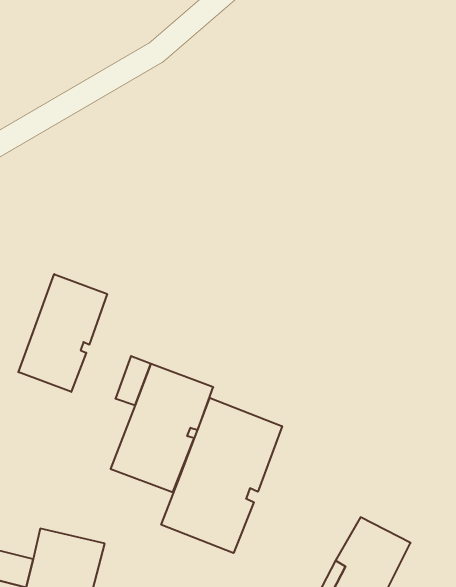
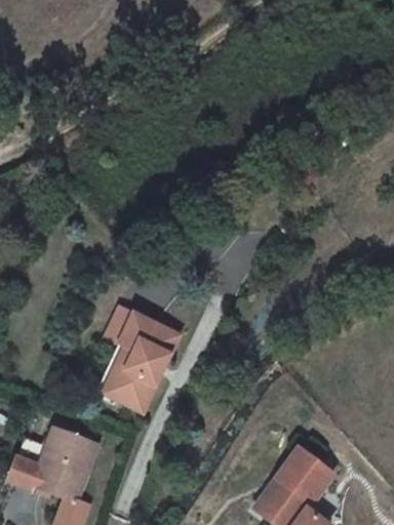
building: [18,274,107,392] -> none
building: [161,398,282,553] -> none

